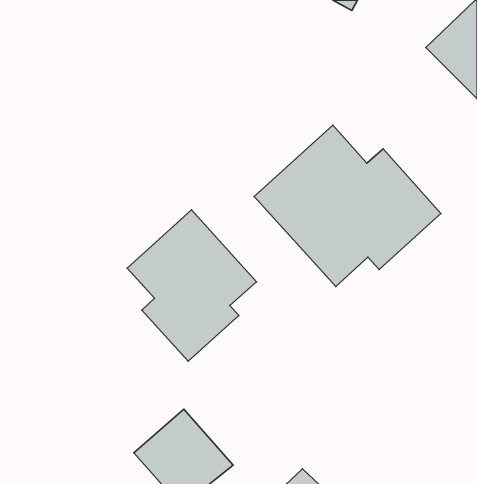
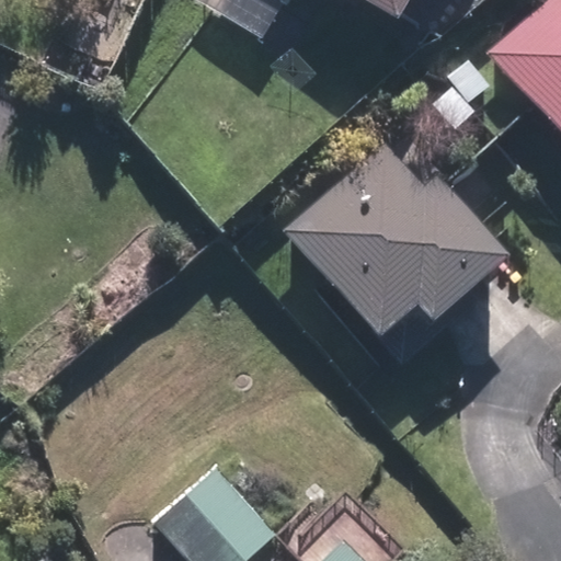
building: [127,210,256,361] -> none

